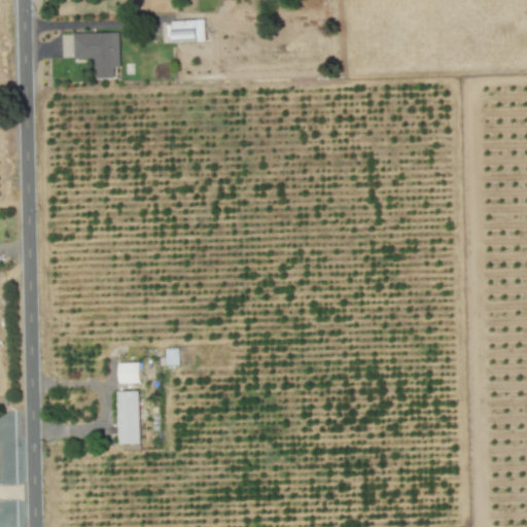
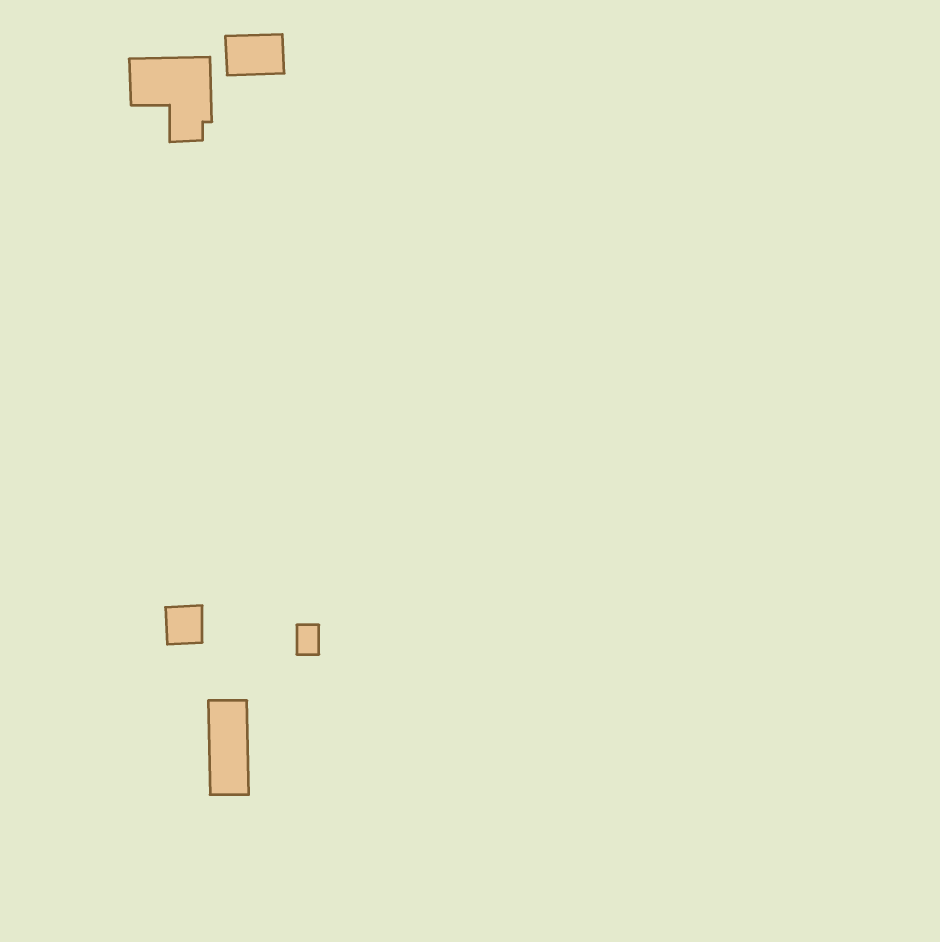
building: [171,20,204,42] -> [225,34,284,75]
building: [118,362,139,384] -> [165,606,202,644]

